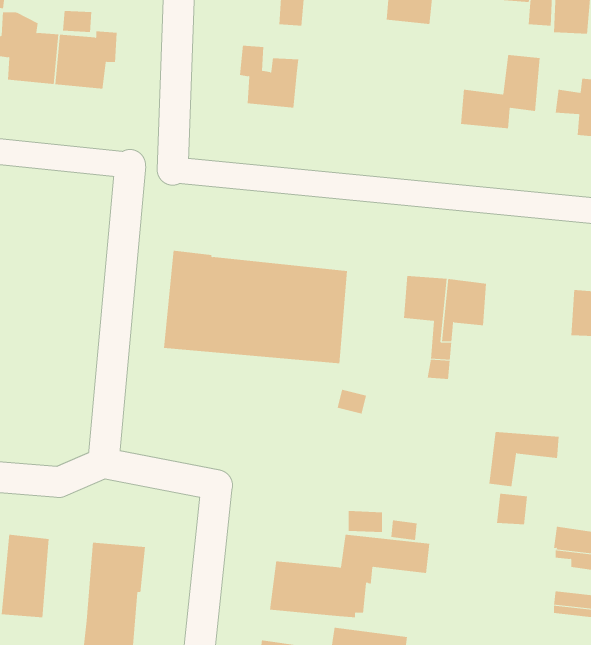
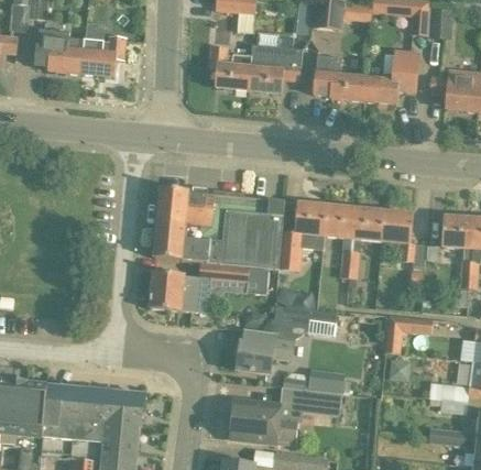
building: none -> [248,43,302,91]
building: none -> [314,54,365,100]
building: none -> [287,203,326,260]
building: none -> [380,211,426,270]
building: none -> [151,261,267,313]
building: none -> [236,304,327,374]
building: none -> [73,390,107,447]

